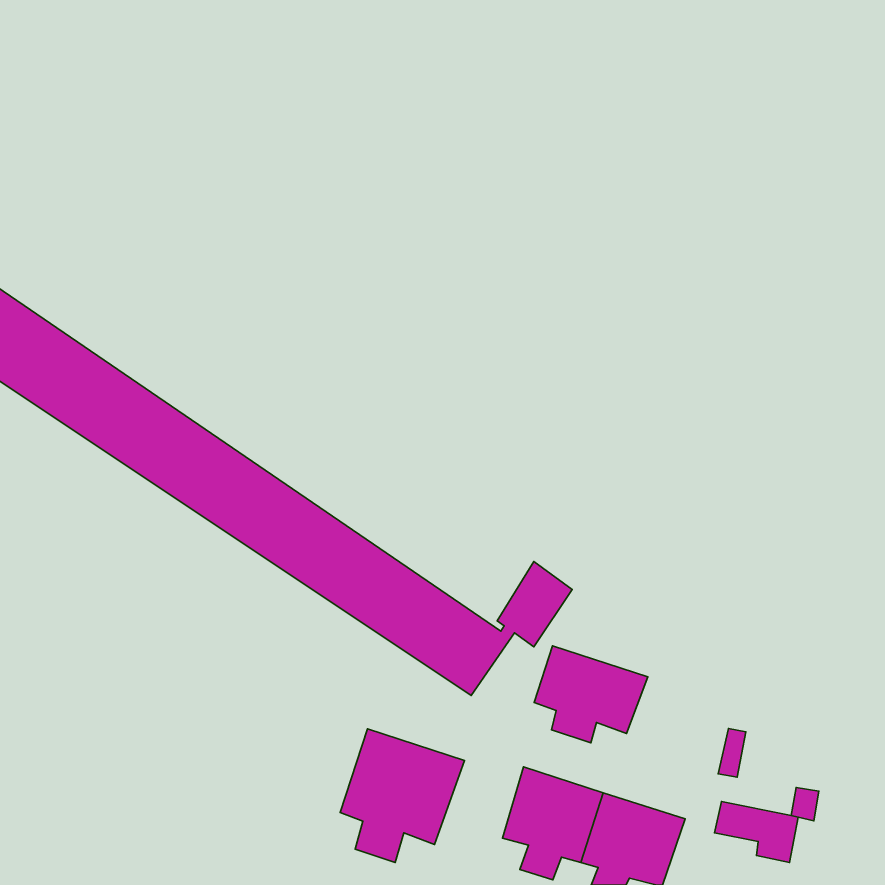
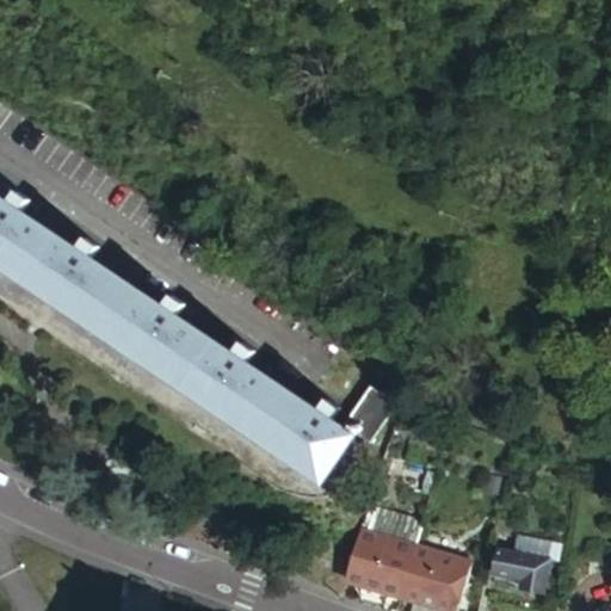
building: [534,646,648,743] -> none
building: [340,729,465,863] -> none

